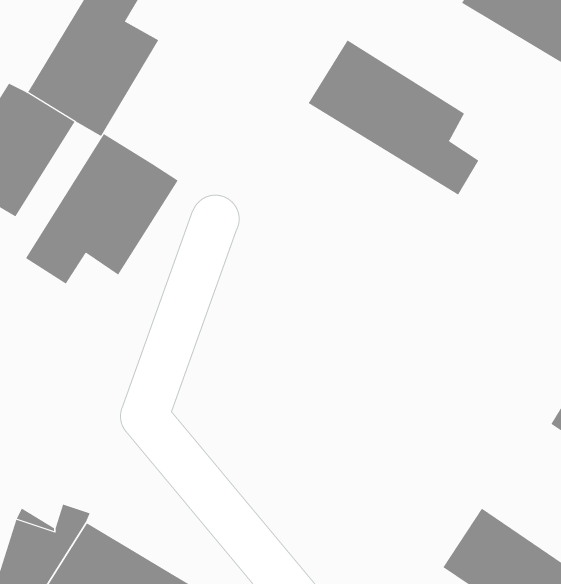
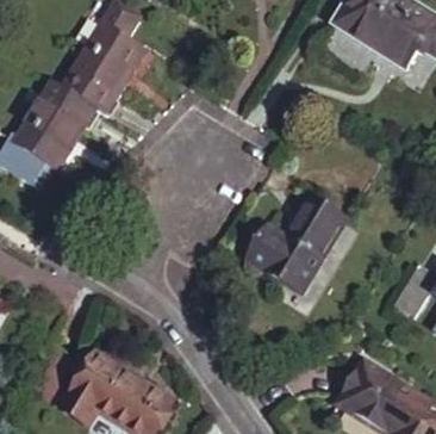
building: [308,39,479,196] -> none
building: [25,133,178,284] -> none
building: none -> [249,198,345,293]

